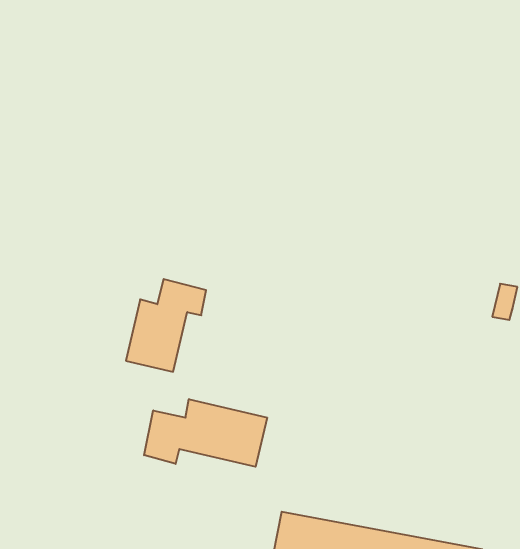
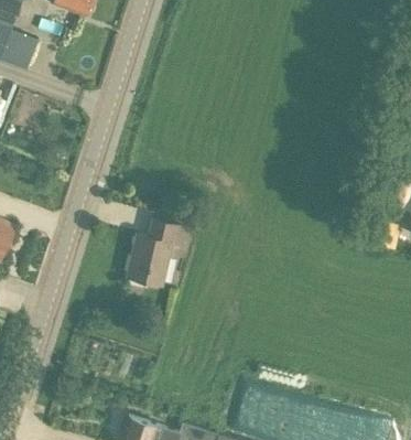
building: [144,399,267,467] -> none

